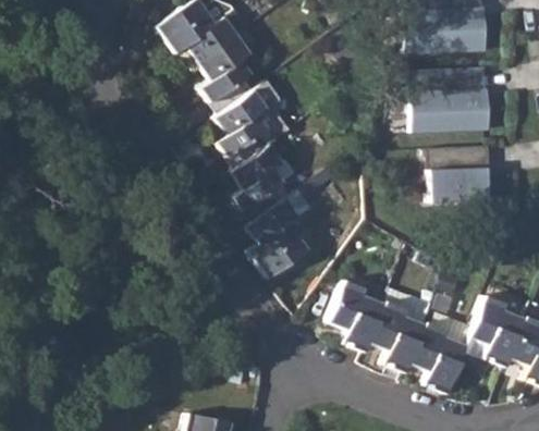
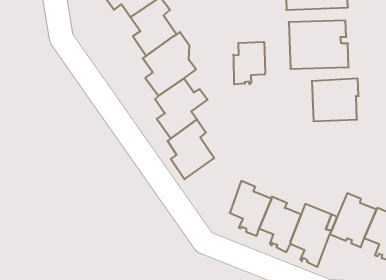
building: none -> [233,42,265,84]

